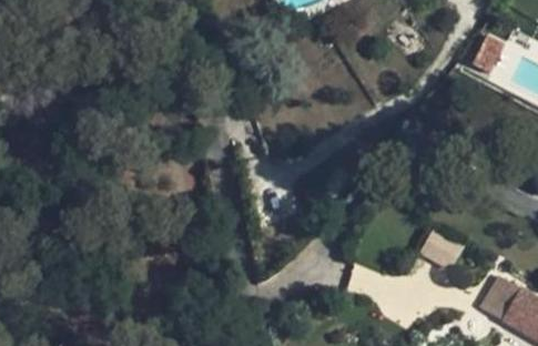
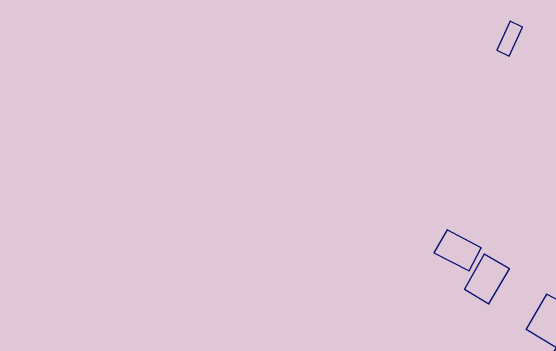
building: [480,274,521,319] -> [465,254,509,304]

